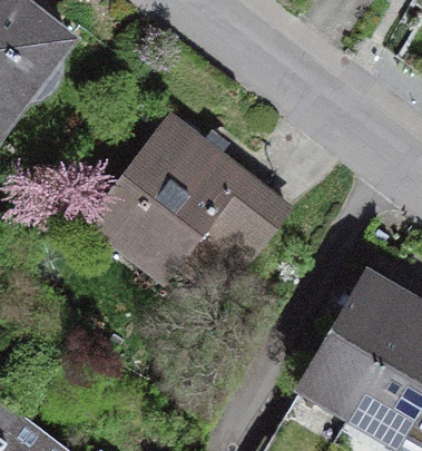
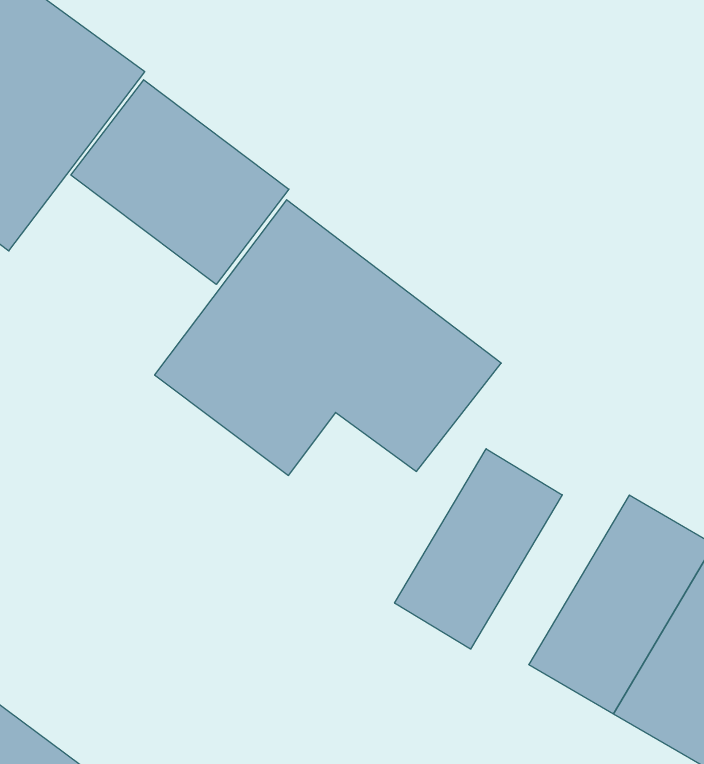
building: none -> [71,80,289,284]
building: none -> [395,449,562,649]

